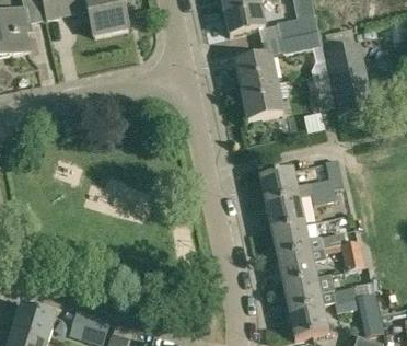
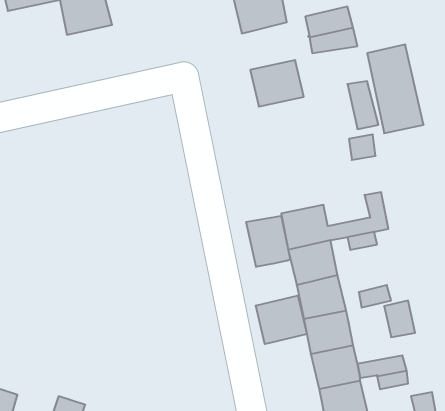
building: [242,83,283,120] -> none
building: none -> [246,216,290,267]
building: none -> [256,295,307,344]

